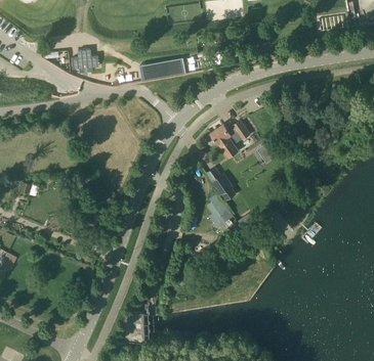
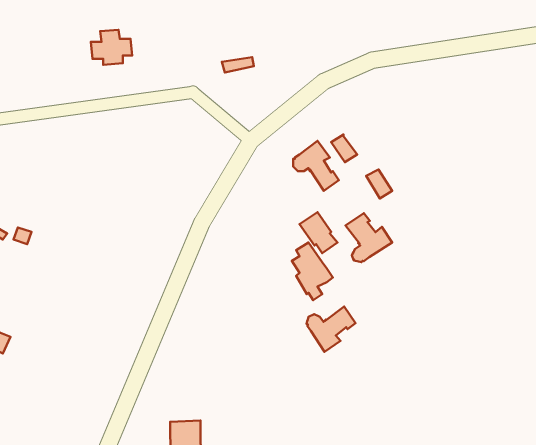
building: none -> [345,213,392,262]
building: none -> [306,306,356,352]

